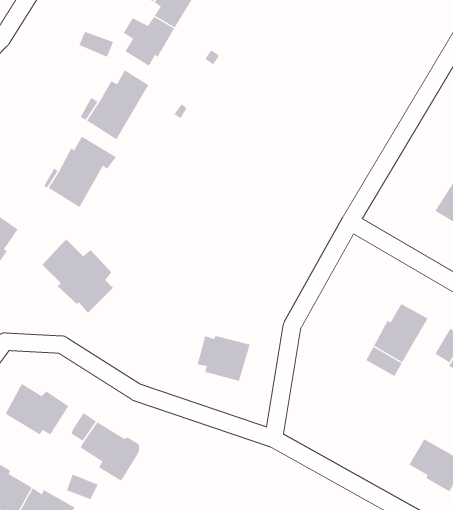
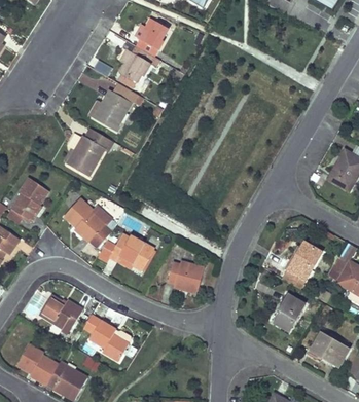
building: none -> [96,234,153,270]
building: none -> [275,293,303,331]

